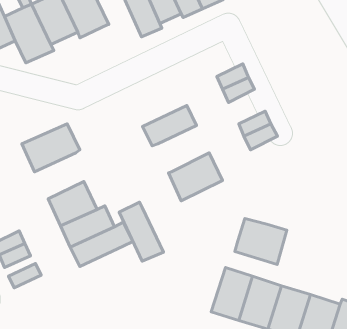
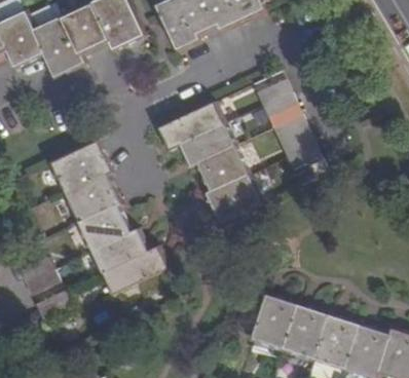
building: none -> [156,100,225,149]
building: none -> [194,143,249,192]
building: none -> [63,172,120,221]
building: [119,202,163,261] -> none
building: [235,218,287,264] -> none

